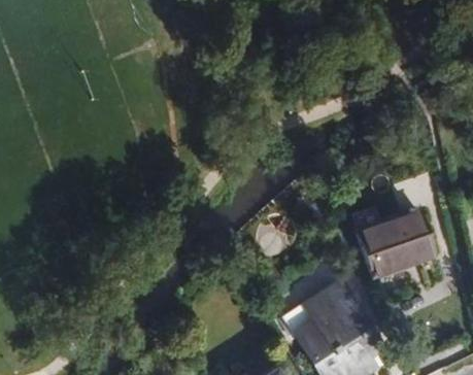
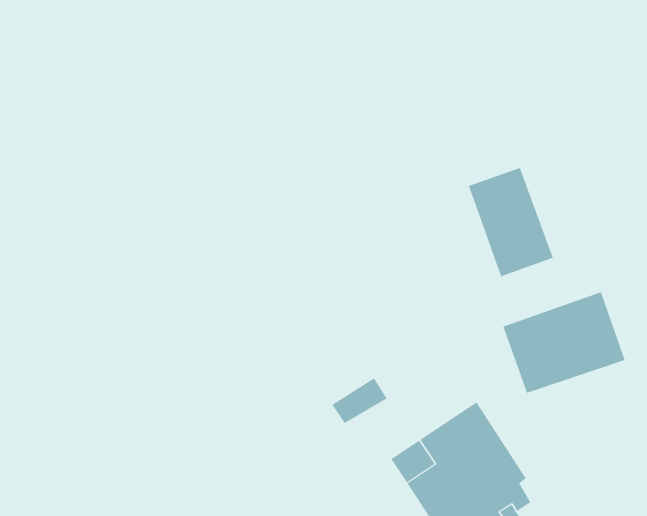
building: none -> [468,167,554,277]

